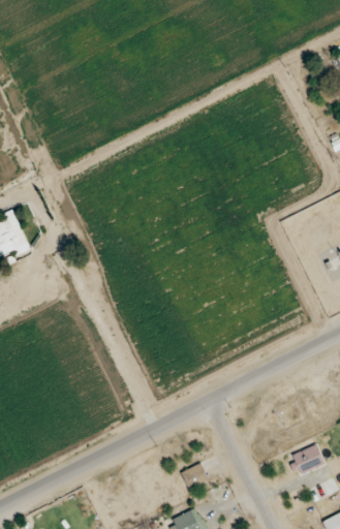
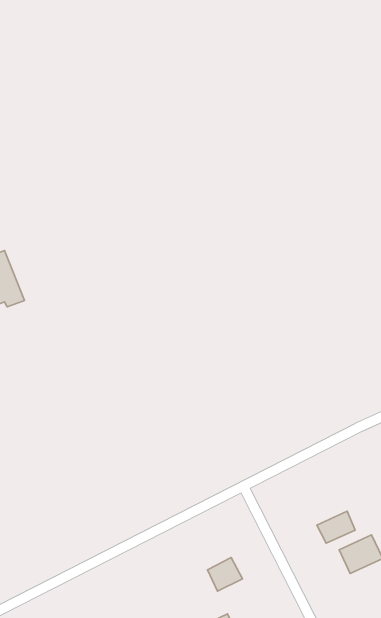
building: none -> [317,511,355,543]

